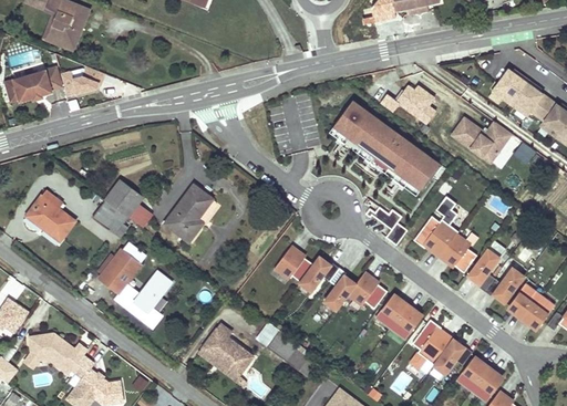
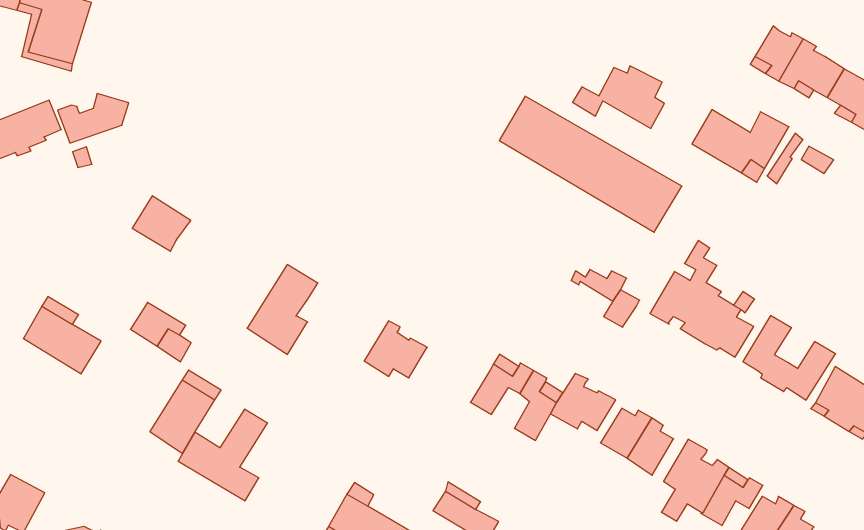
building: [105,181,142,217] -> [132,196,191,251]
building: [272,244,312,281] -> [364,321,427,378]

